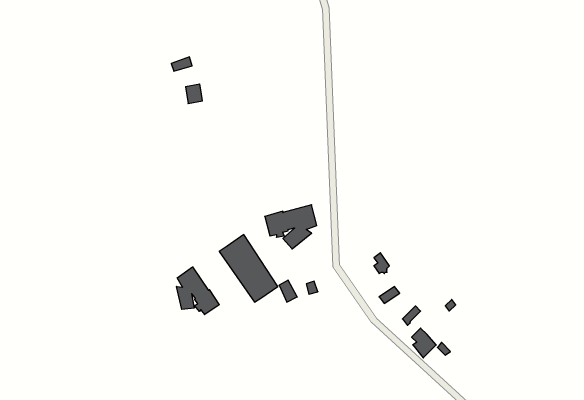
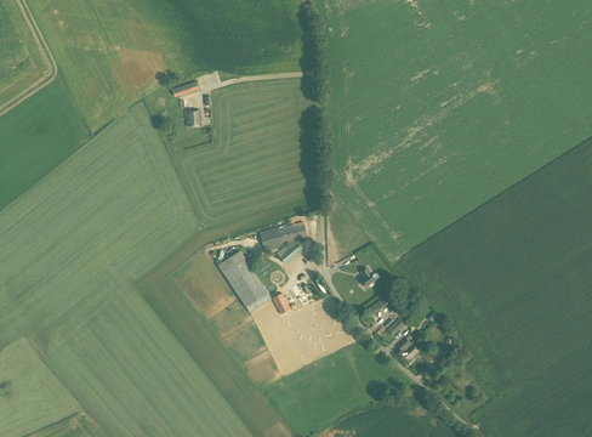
building: [177,267,219,315] -> none

